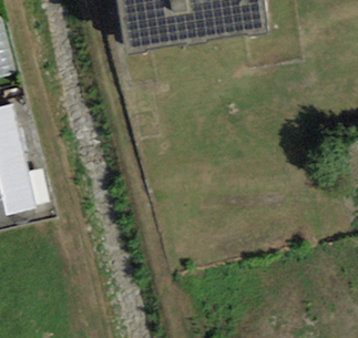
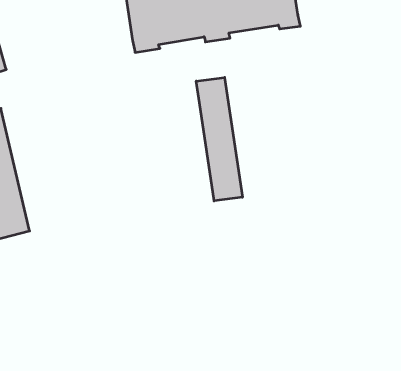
building: none -> [196,77,242,201]

